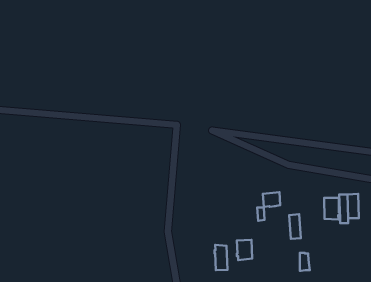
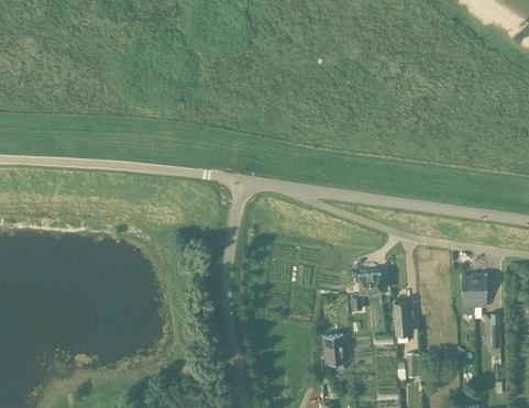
building: [324,198,340,220] -> none
building: [214,245,227,270] -> none

